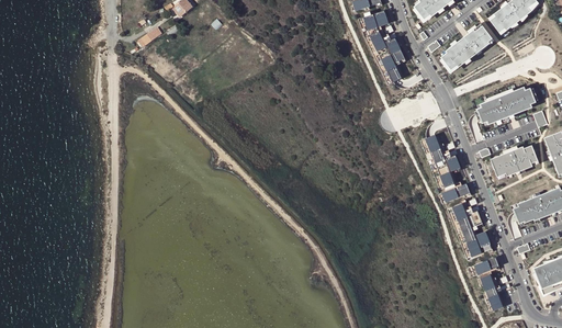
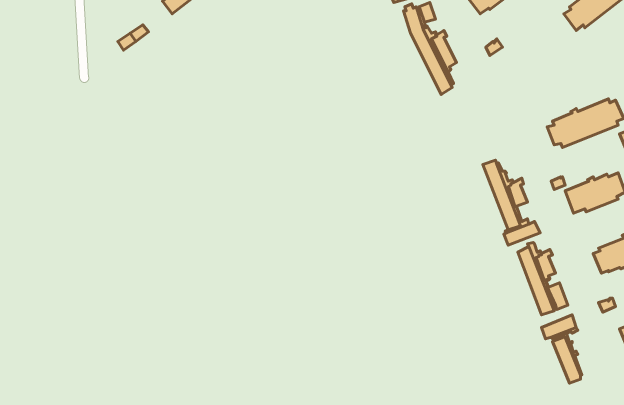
building: [441,24,494,69] -> none

